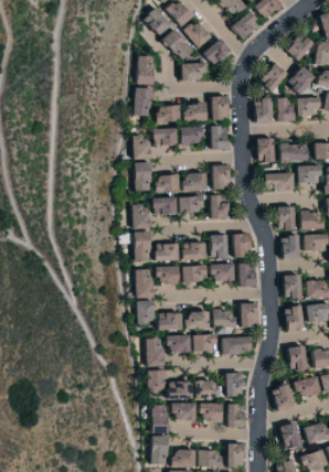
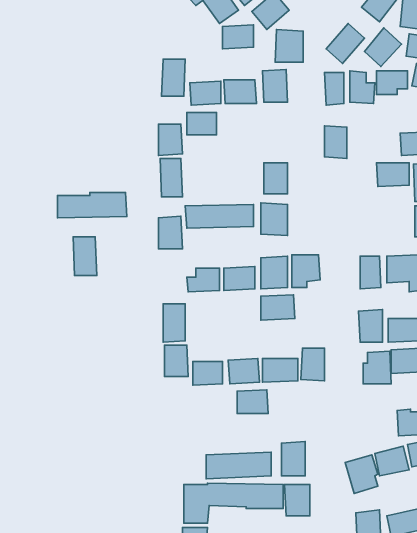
building: [137,56,155,84] -> none
building: [210,126,231,150] -> [275,30,303,62]
building: [180,127,204,144] -> none
building: [278,144,307,161] -> none
building: [263,172,293,189] -> none
building: [157,173,209,192] -> [57,193,127,218]
building: [277,206,321,230] -> none
building: [135,232,152,260] -> [73,237,97,276]
building: [237,264,258,287] -> none
building: [157,266,204,285] -> none
building: [147,336,190,393] -> none
building: [221,337,251,355] -> none
building: [288,346,309,371] -> none

